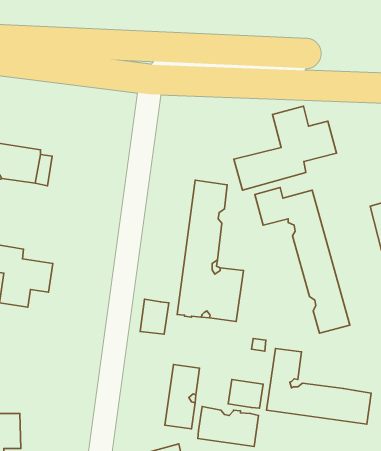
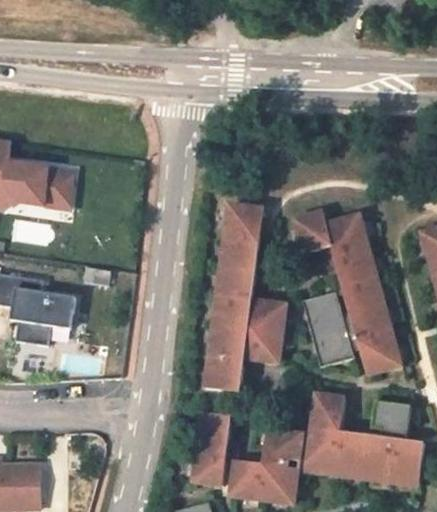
building: [234,106,336,190] -> none
building: none -> [302,292,354,368]
building: [140,299,169,334] -> [202,361,234,400]
building: none -> [373,400,412,432]

